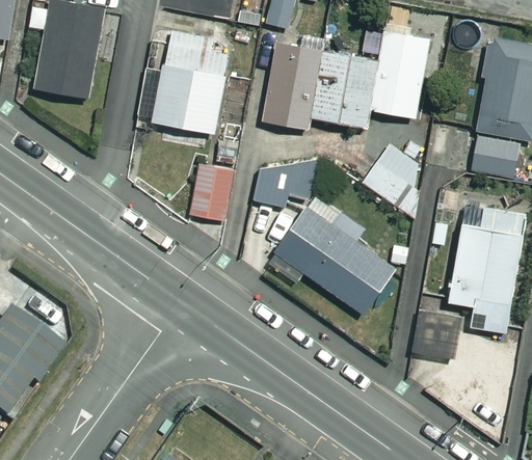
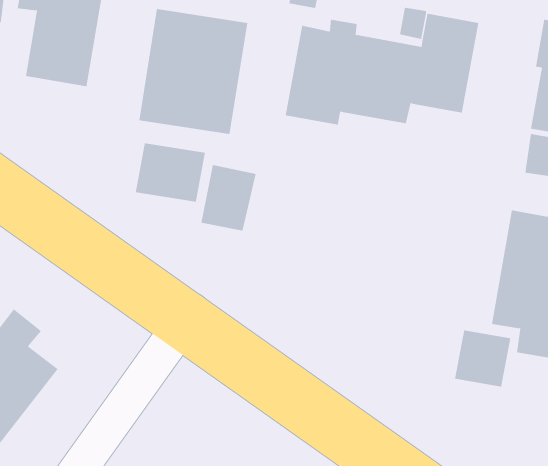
building: [362,139,423,217] -> none
building: none -> [135,142,205,202]
building: [251,167,310,207] -> none
building: [275,204,397,316] -> none

